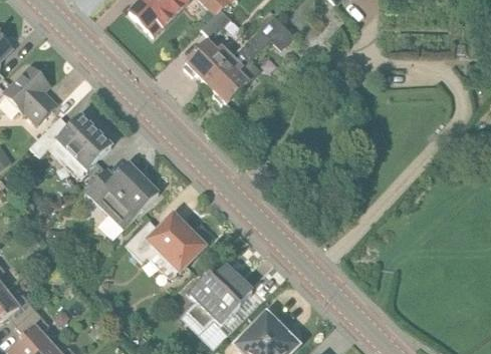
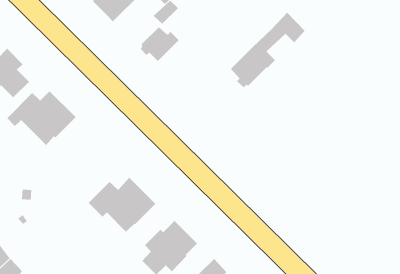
building: [206,15,293,103] -> [230,12,305,88]
building: [85,162,159,227] -> none

